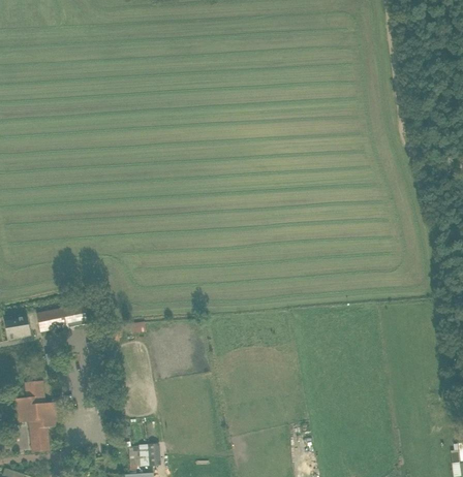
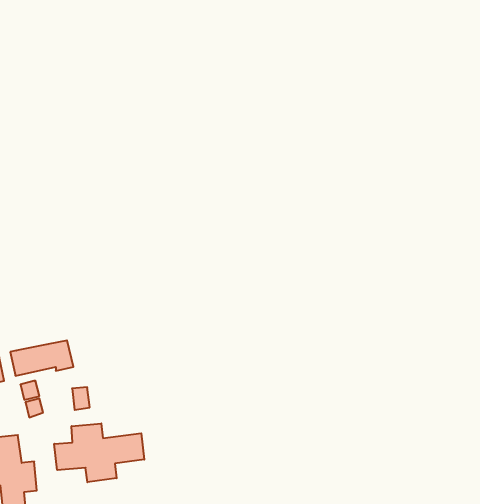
building: none -> [54,423,144,482]

